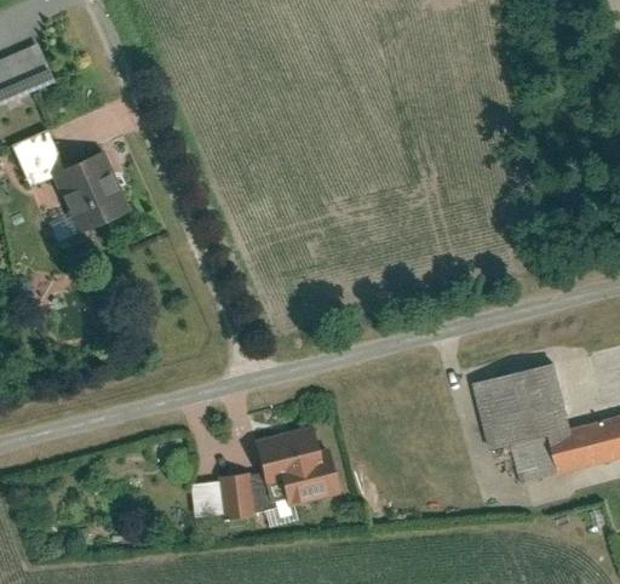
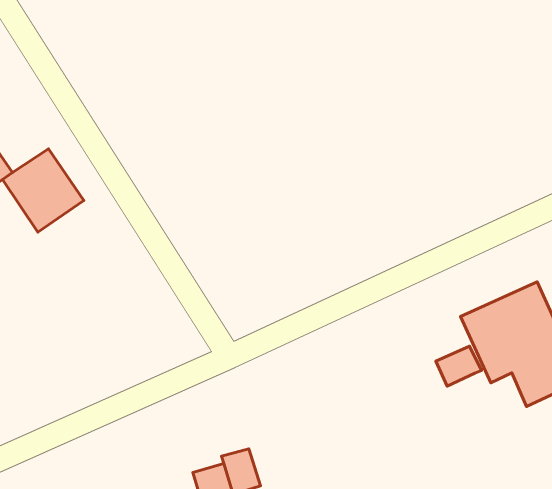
building: none -> [436,346,482,386]
building: [257,429,338,506] -> none

